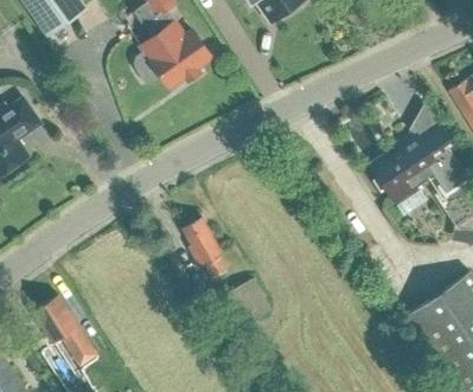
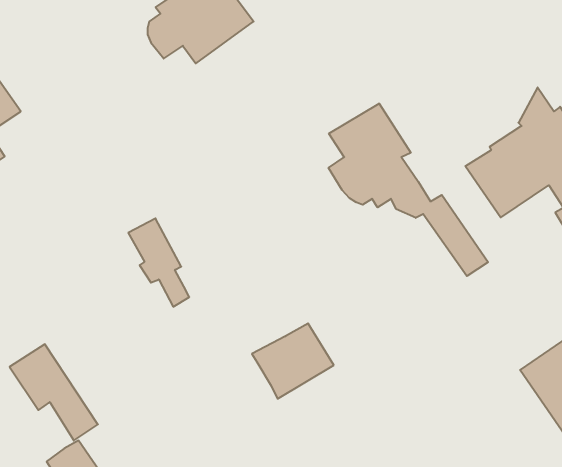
building: none -> [329,103,488,276]
building: [183,218,228,283] -> [128,218,189,307]

